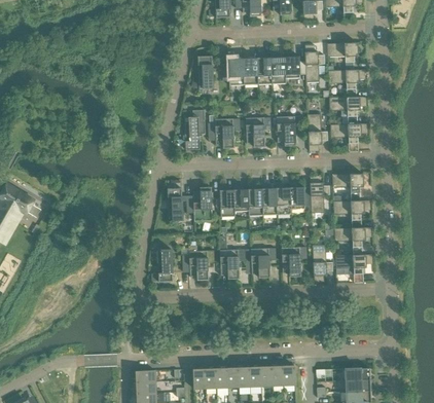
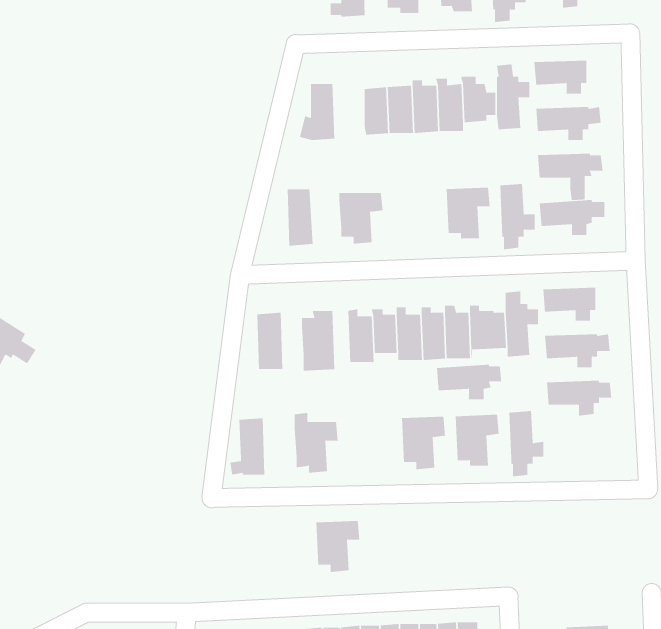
building: [245,116,270,146] -> none
building: [219,249,245,279] -> [316,520,360,572]
building: [334,253,372,273] -> [436,364,502,400]

